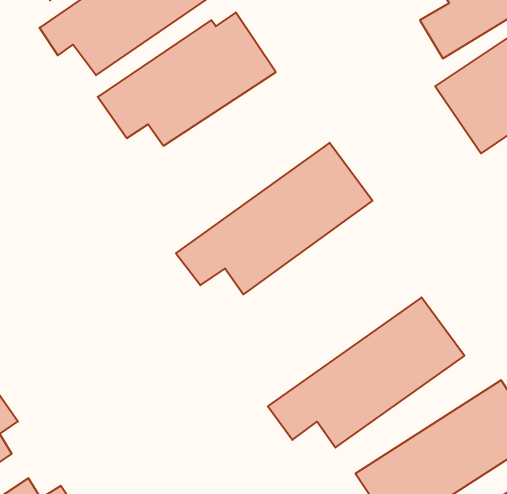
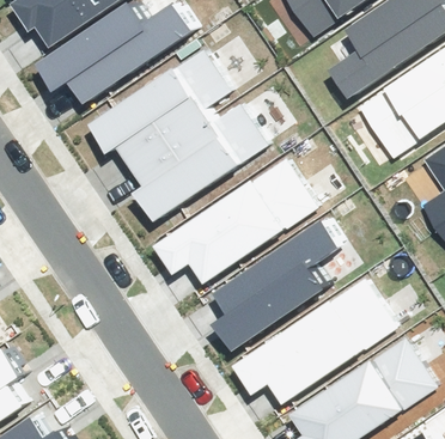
building: none -> [133,102,257,225]
building: none -> [207,222,329,347]

